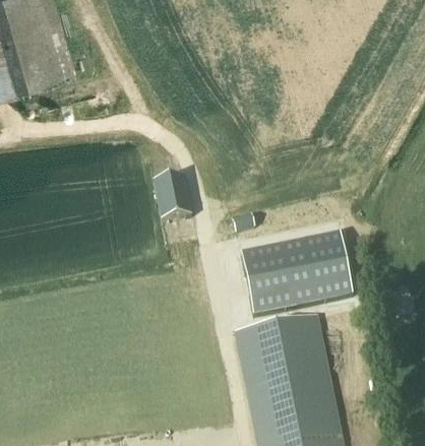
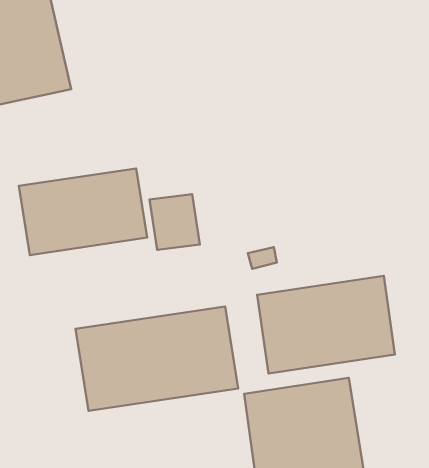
building: none -> [19,168,147,255]
building: none -> [76,307,238,411]

